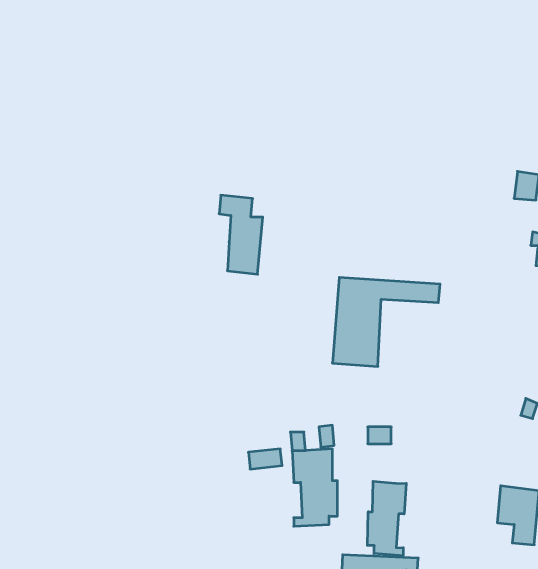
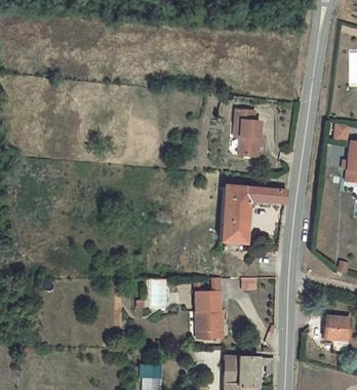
building: [219,195,263,274] -> [235,108,262,156]
building: [367,481,406,556] -> none

